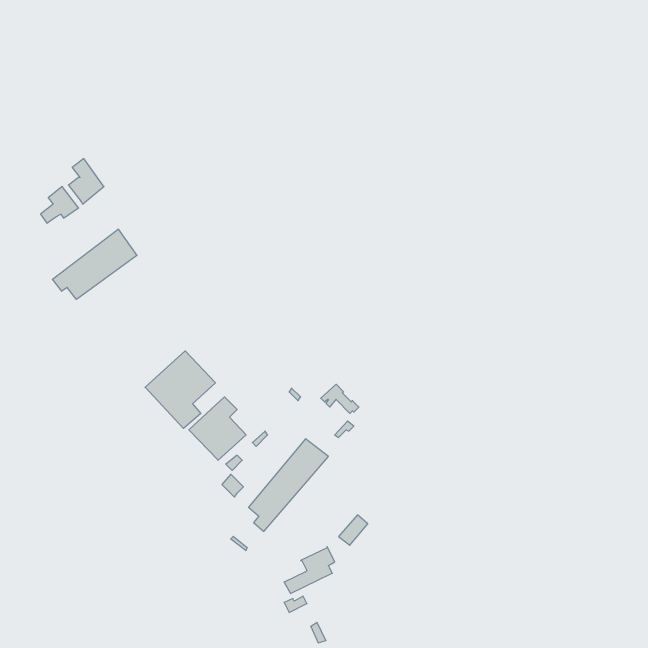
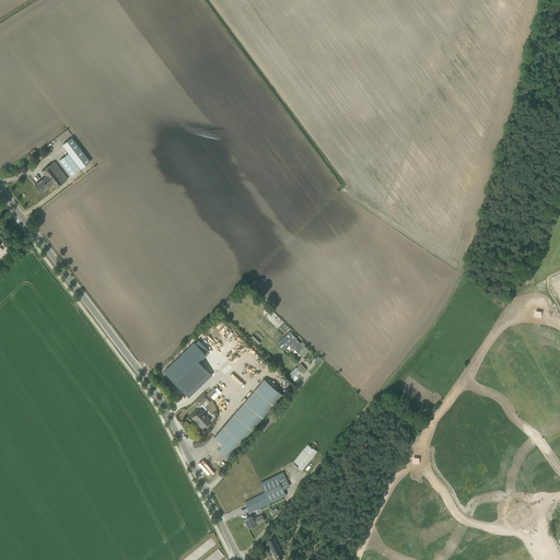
building: [52,229,137,299] -> none
building: [145,351,215,428] -> none

